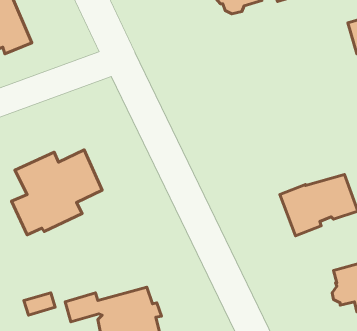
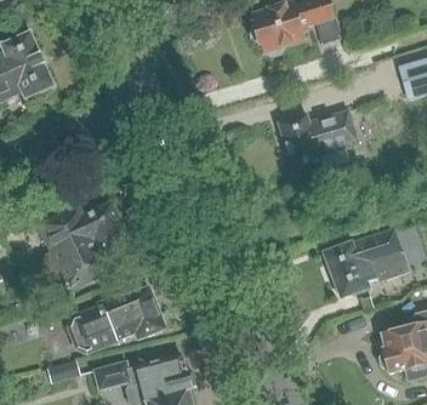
building: none -> [279,110,358,177]
building: none -> [68,287,166,353]

